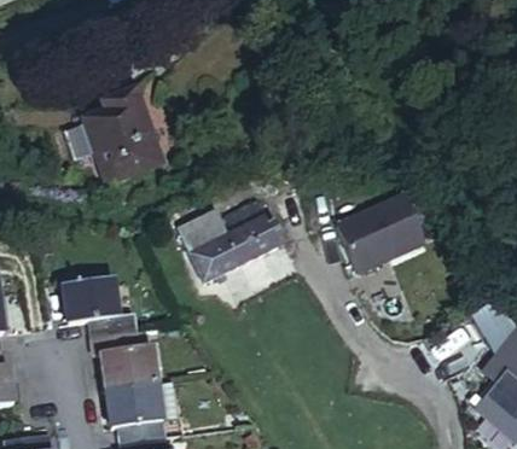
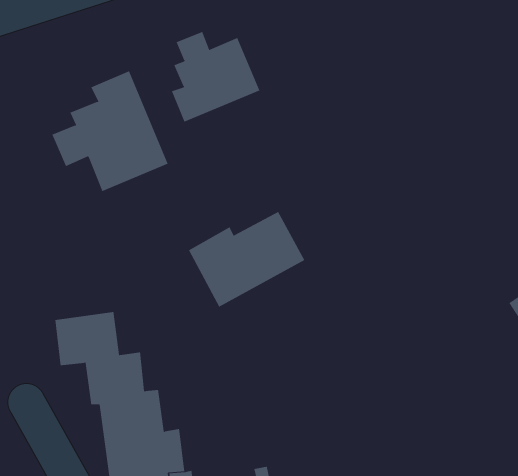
building: none -> [171,31,260,122]
building: [341,196,426,269] -> none

